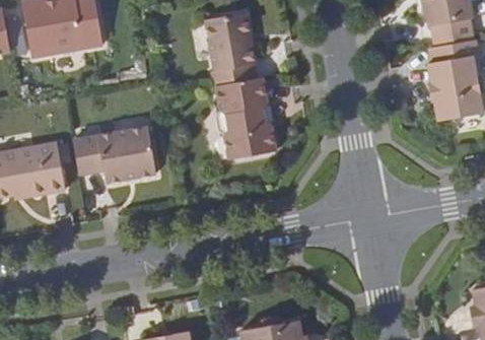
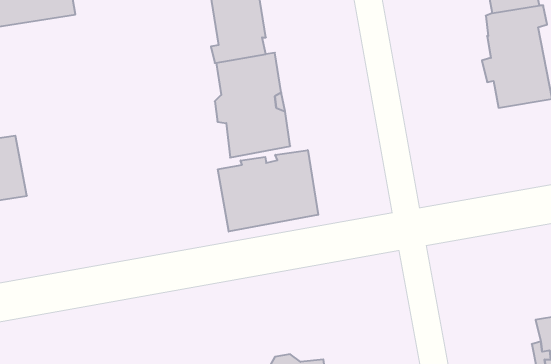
building: [72,126,154,182] -> none
building: none -> [218,150,318,232]

